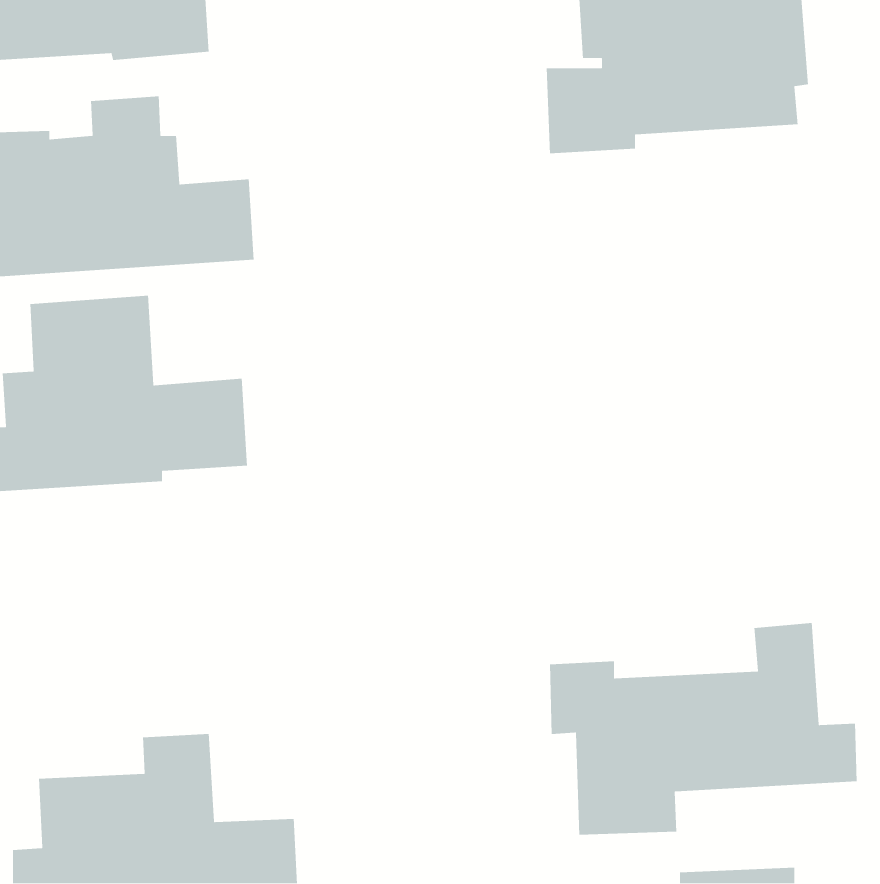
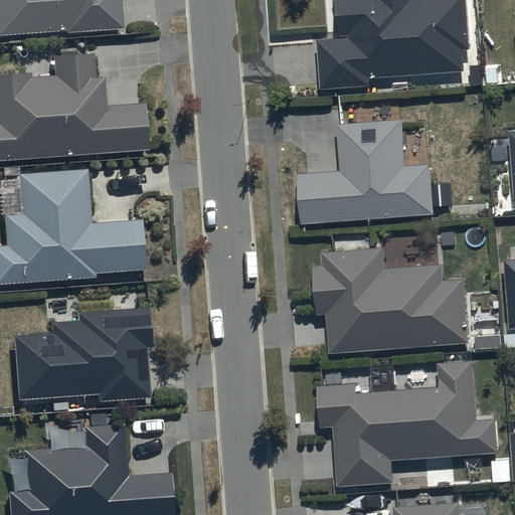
building: none -> [300,119,435,223]
building: none -> [313,248,468,353]
building: none -> [9,303,149,398]

